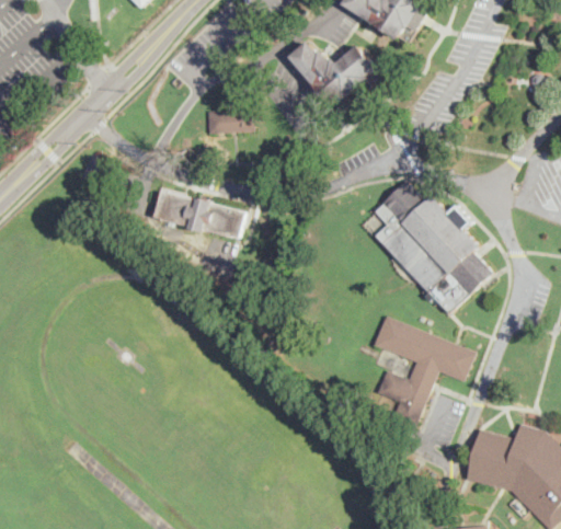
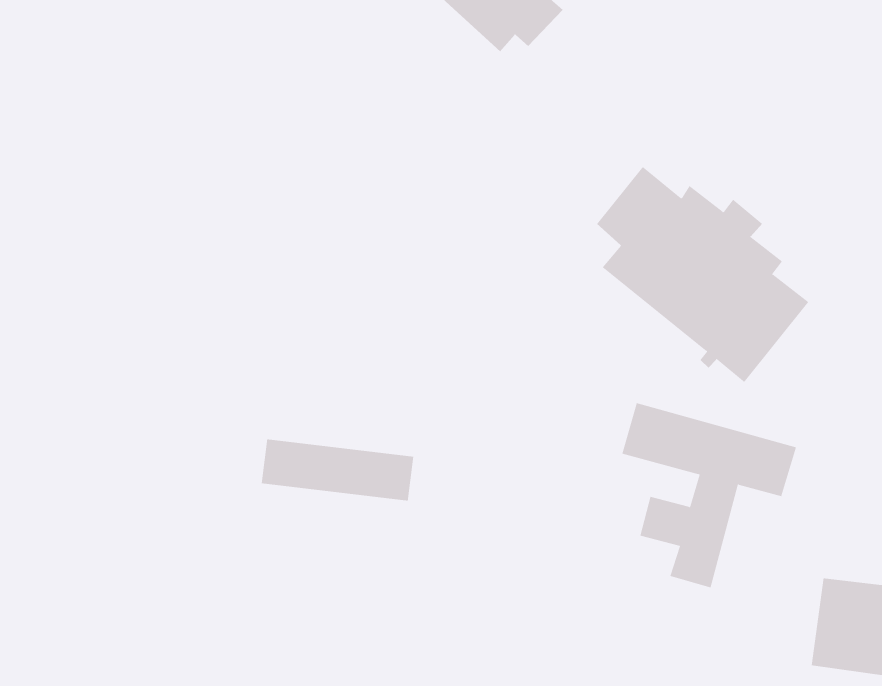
building: [207,108,253,134] -> none
building: [154,192,244,238] -> [261,439,414,501]

